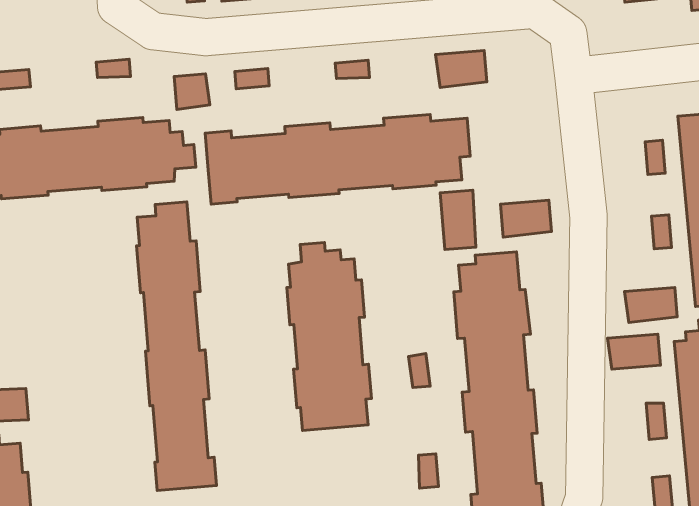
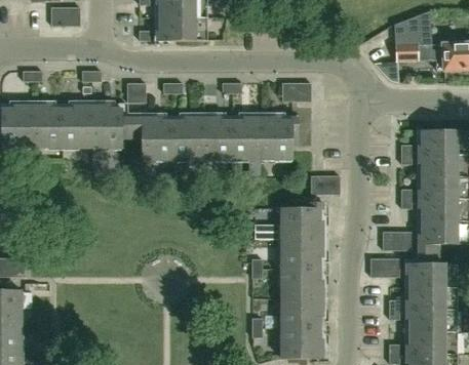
building: [440,190,476,250] -> none
building: [137,202,216,490] -> none
building: [287,243,371,430] -> none

